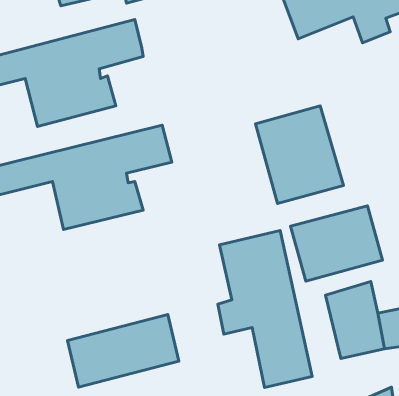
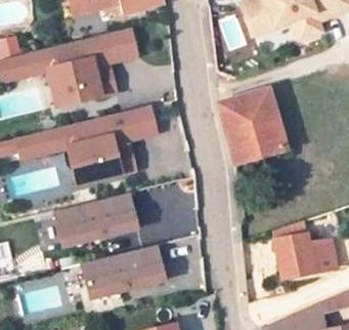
building: [290,206,382,281] -> none
building: [218,230,312,387] -> none
building: none -> [55,193,138,246]

